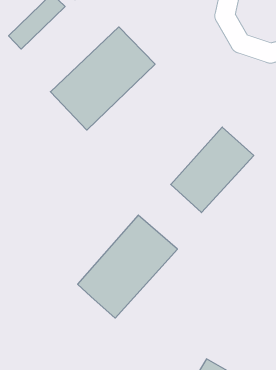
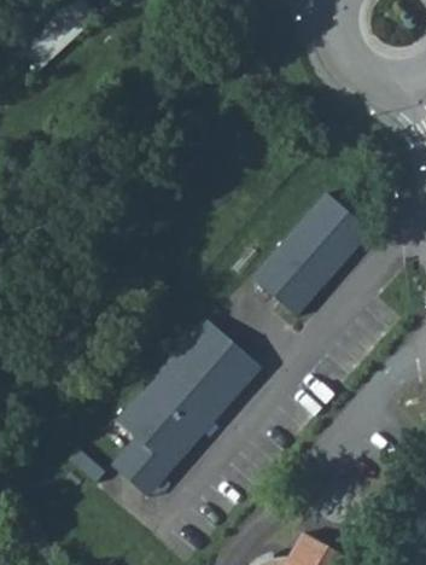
building: [50,27,155,130] -> none
building: none -> [113,438,171,495]

